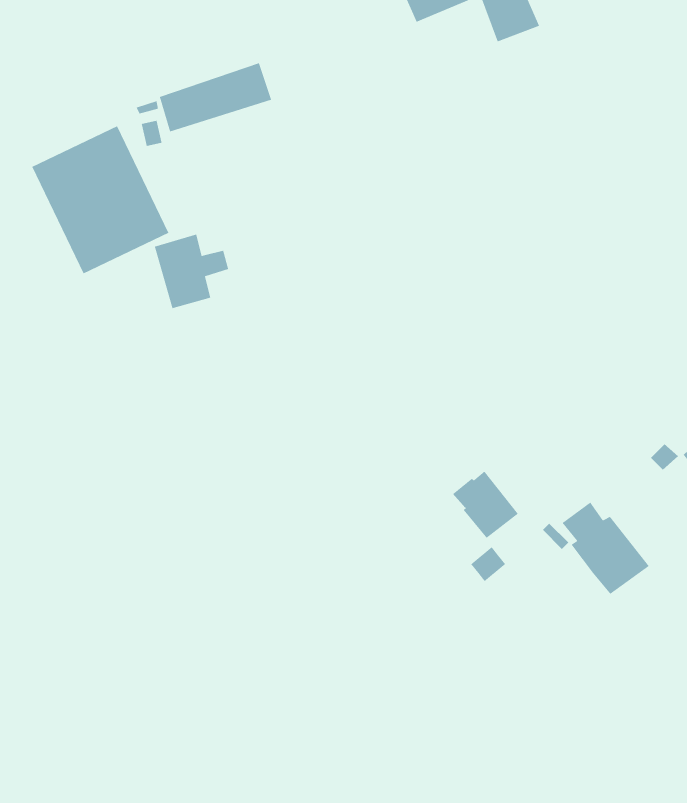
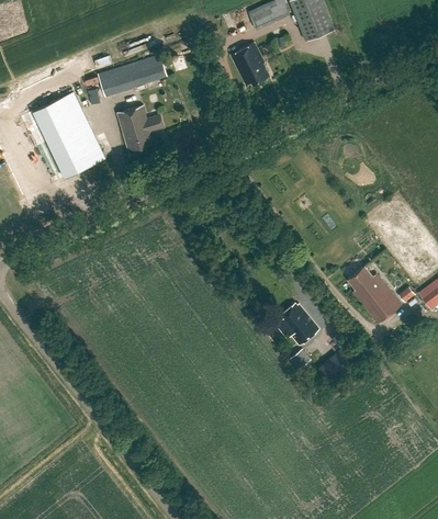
building: none -> [232,43,270,83]
building: [154,234,229,309] -> [117,104,164,150]
building: [562,501,650,595] -> [347,266,401,323]

